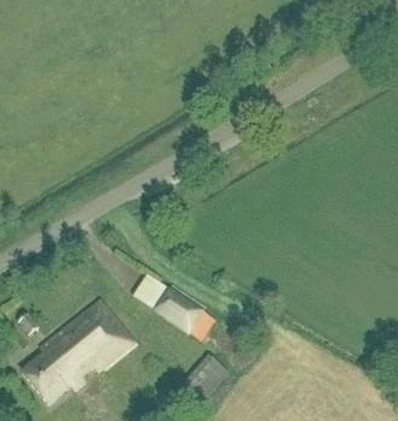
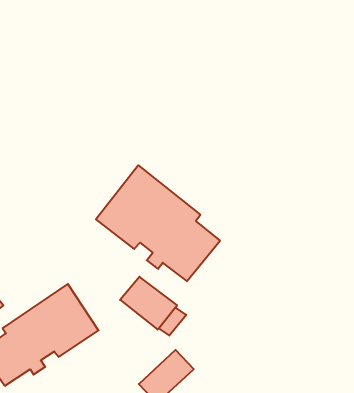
building: none -> [96,165,220,281]

